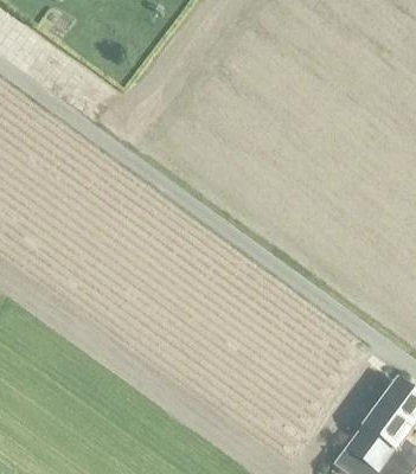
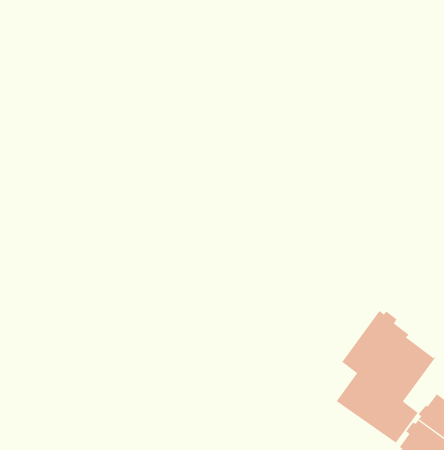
building: none -> [336,310,437,443]

